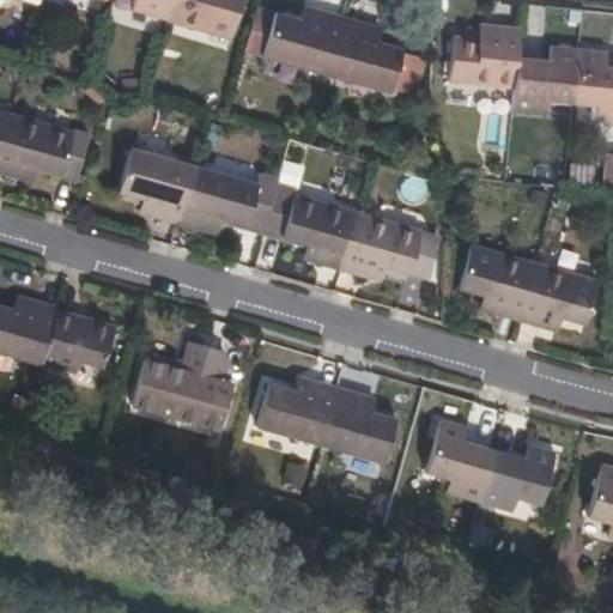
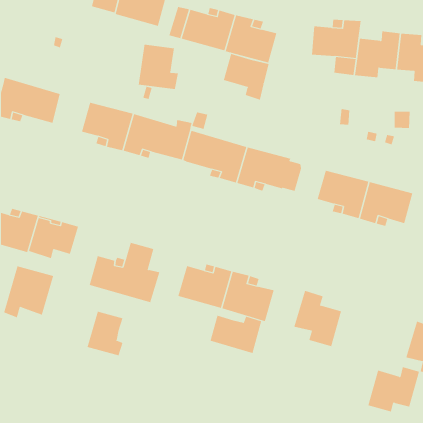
building: none -> [138,44,178,90]
building: none -> [223,53,269,100]
building: none -> [3,266,54,318]
building: [480,444,556,510] -> [367,367,420,412]
building: none -> [87,311,123,356]
building: none -> [210,315,262,354]

